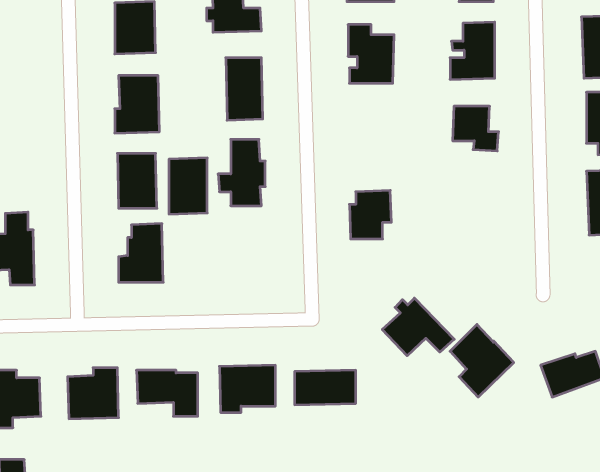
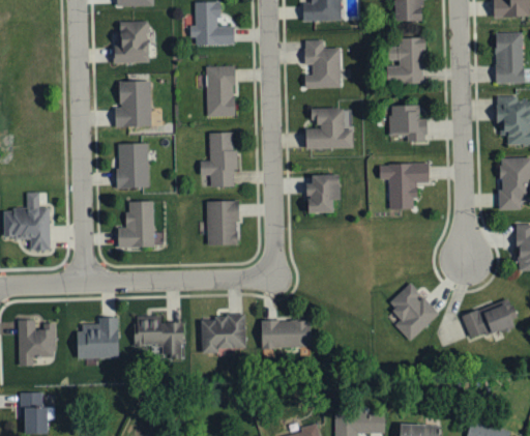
building: none -> [305,108,352,149]
building: [169,158,207,214] -> [207,201,238,246]
building: none -> [379,163,429,209]
building: [382,298,454,356] -> none

